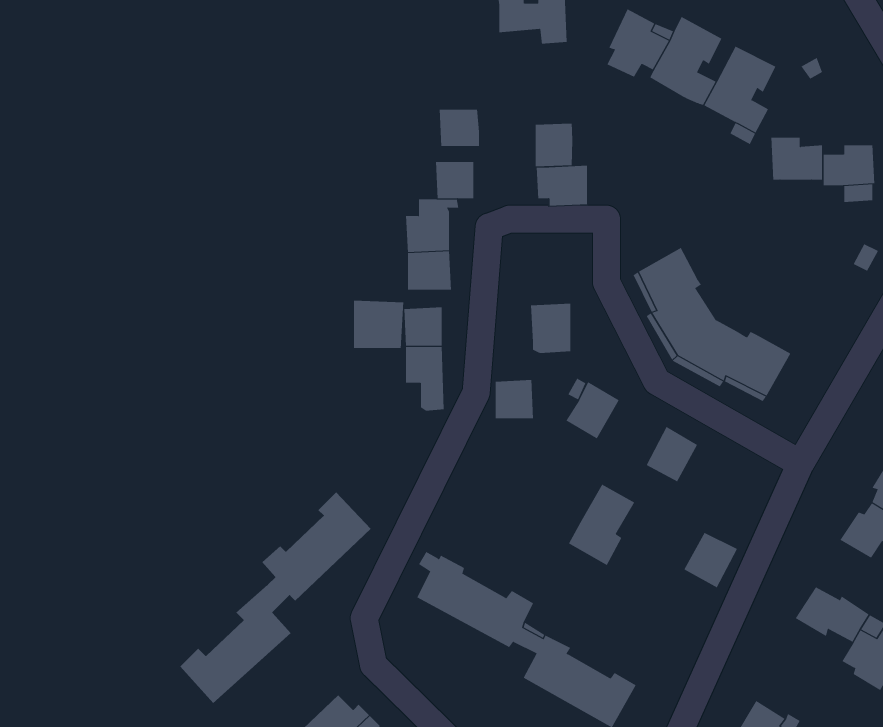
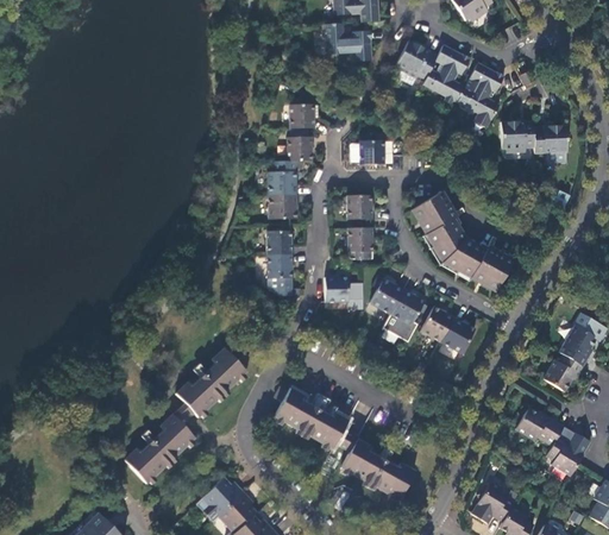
building: [535,123,573,167] -> none
building: none -> [347,195,371,220]
building: [353,300,404,349] -> none
building: [568,484,635,566] -> [383,289,426,341]
building: [684,532,738,588] -> [441,317,476,353]

